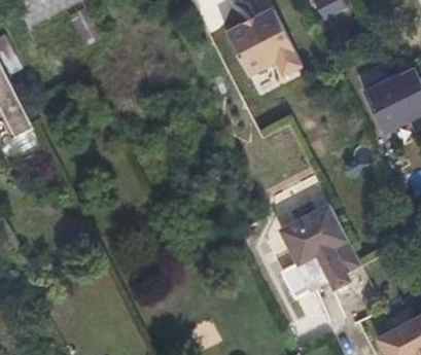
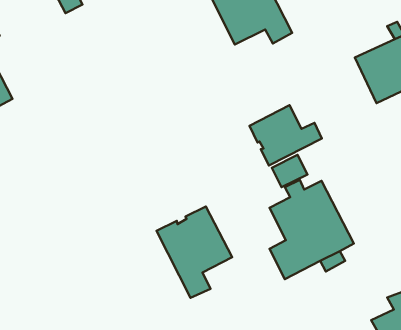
building: none -> [249,105,322,165]
building: none -> [156,206,232,298]

